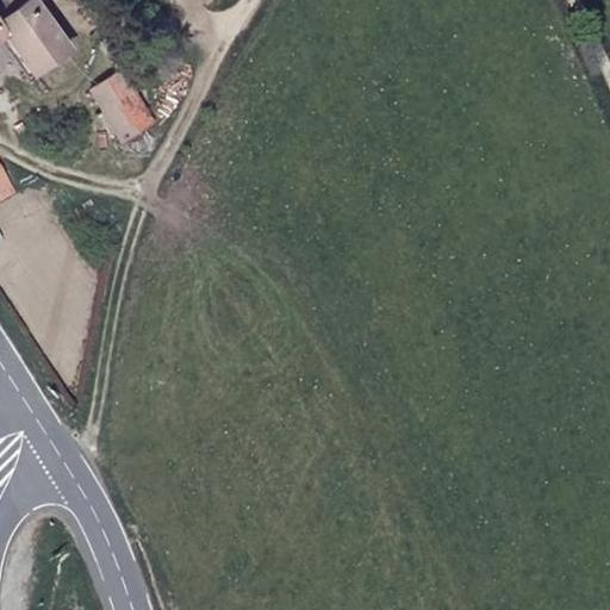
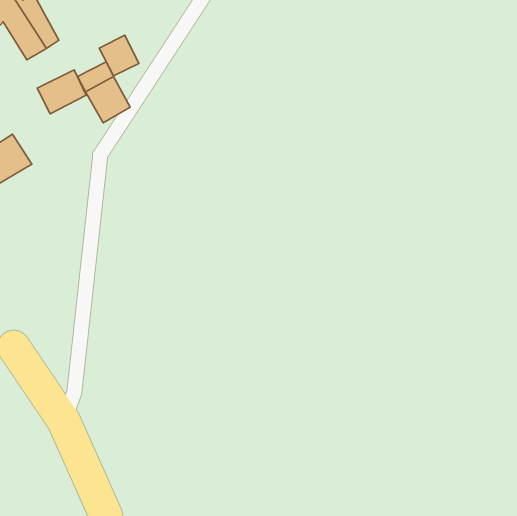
building: none -> [99,35,139,76]
building: none -> [37,70,86,114]

